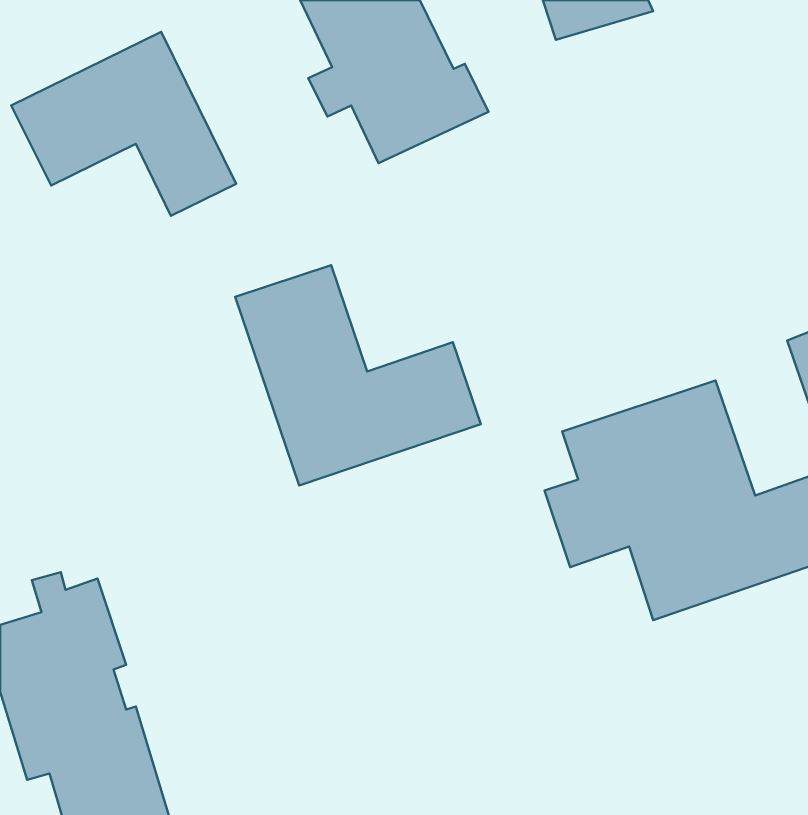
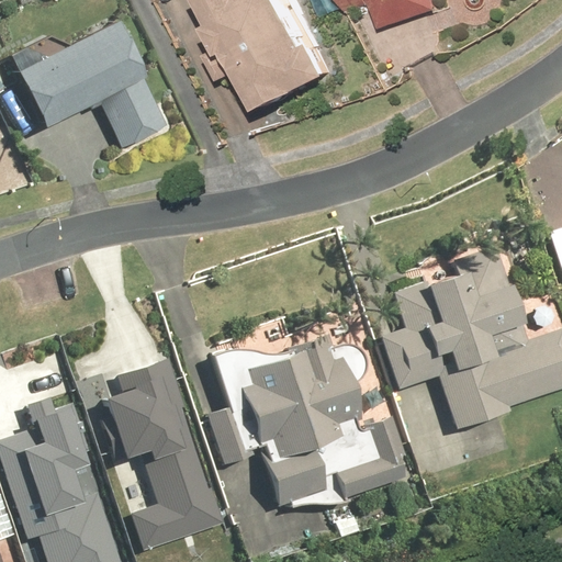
building: [235,265,481,485] -> none
building: none -> [205,335,409,510]
building: none -> [100,353,223,543]

